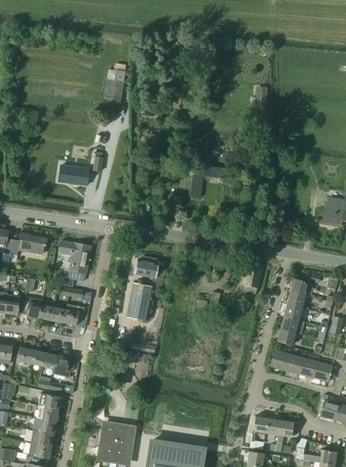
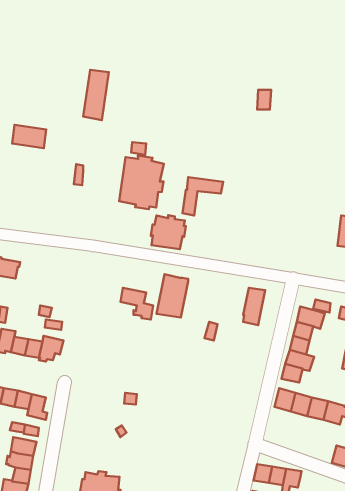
building: none -> [119,155,164,209]
building: [59,164,88,185] -> [12,125,46,148]
building: none -> [151,215,186,249]
building: [59,240,90,272] -> none
building: [125,281,153,319] -> [156,274,188,317]

